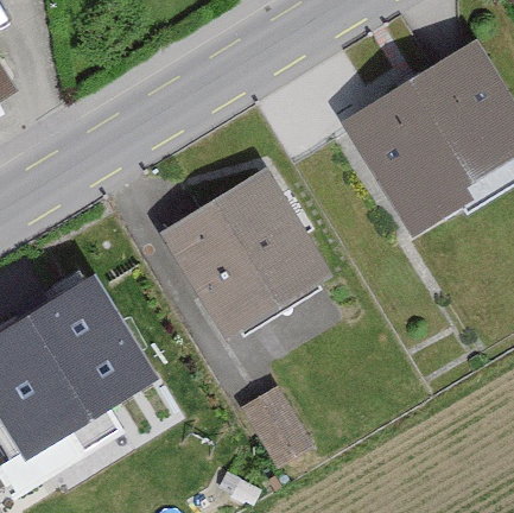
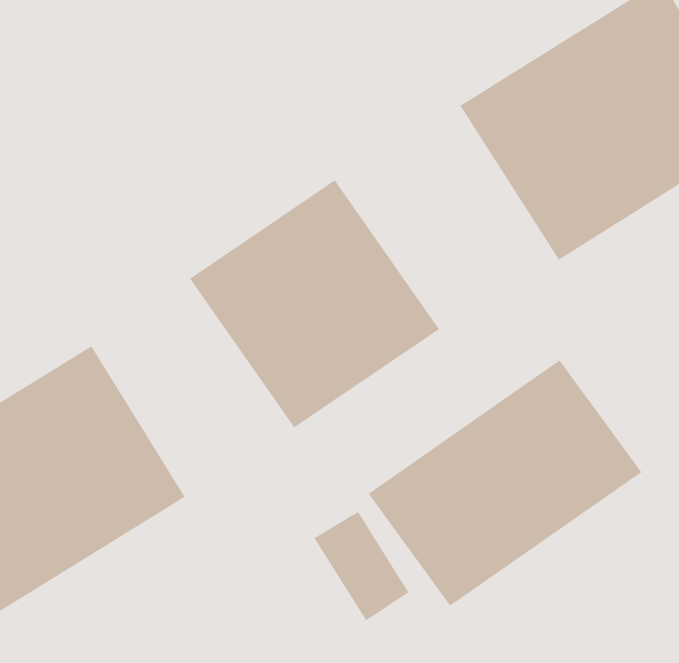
building: none -> [368,359,642,607]

